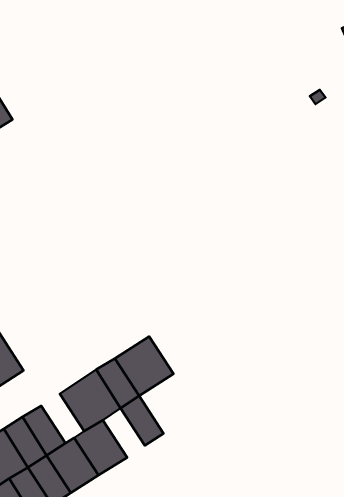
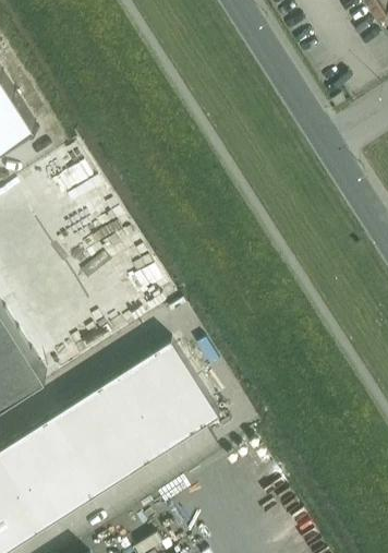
building: none -> [155,383,213,442]
building: none -> [58,402,100,452]
building: none -> [119,417,160,466]

